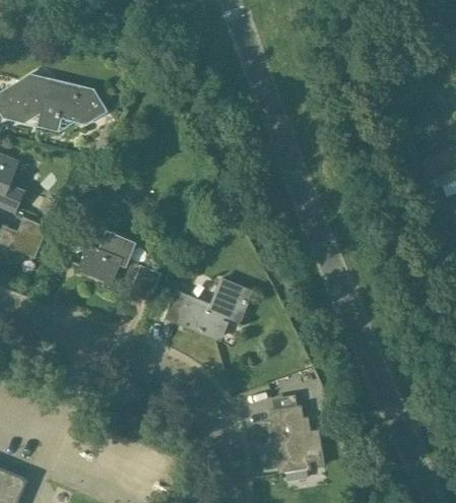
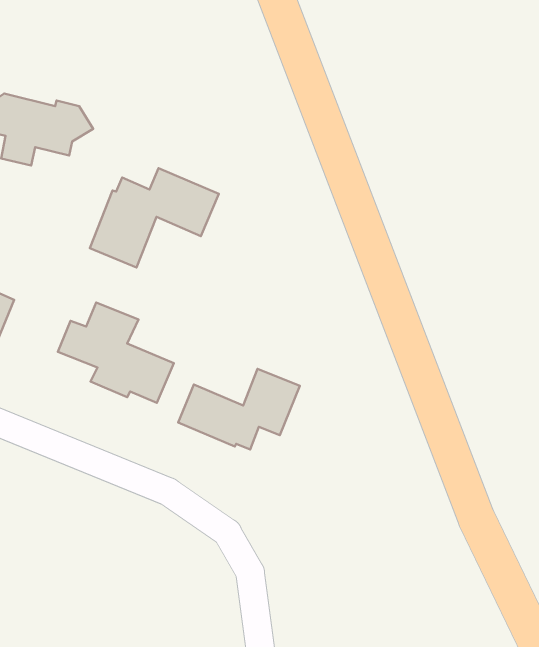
building: none -> [90,168,219,268]
building: [266,405,321,473] -> none

